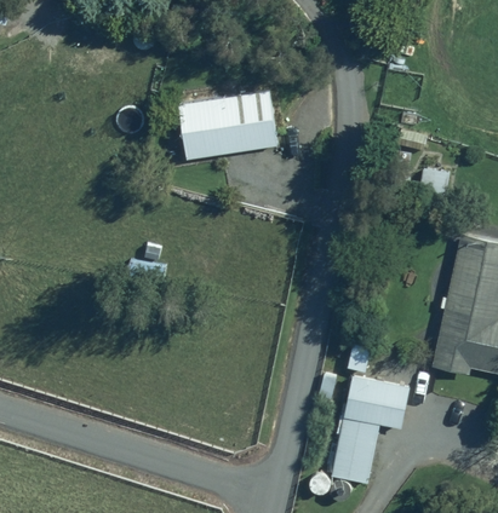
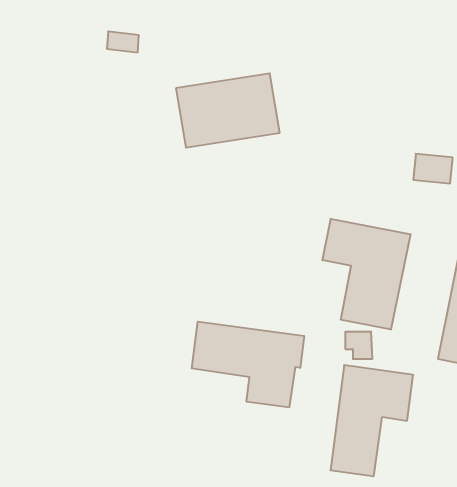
building: none -> [322,219,411,330]
building: none -> [192,322,304,407]

